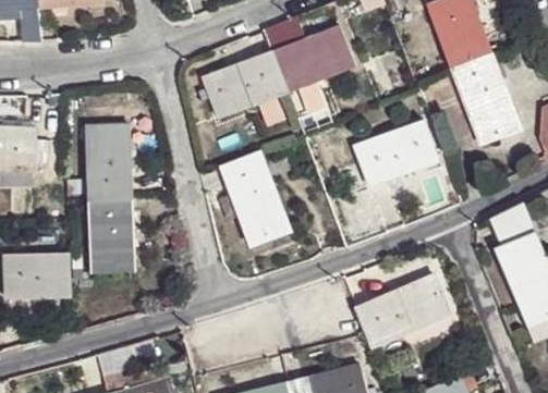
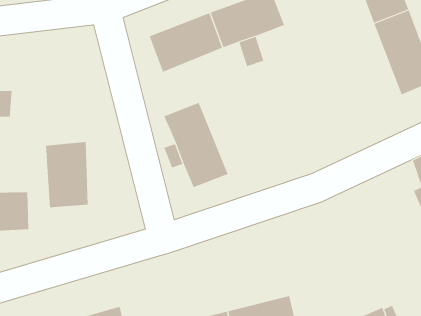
building: [354,122,439,187] -> none
building: [84,124,133,199] -> none
building: [355,275,448,347] -> none

